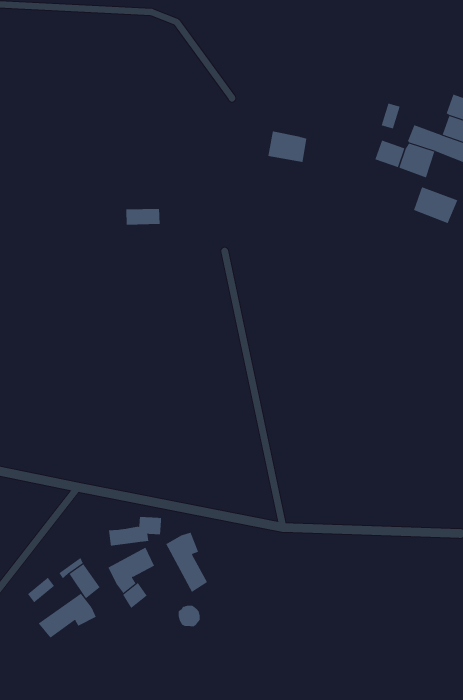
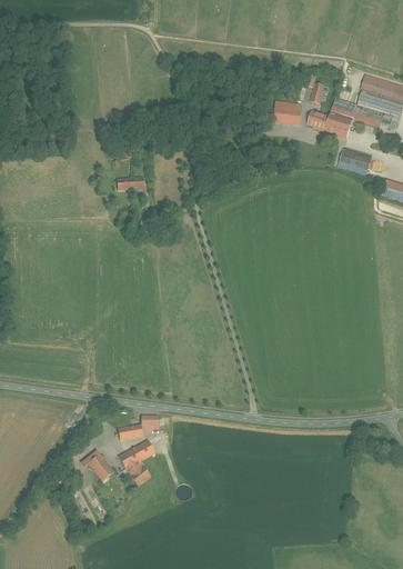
building: [268,131,307,163] -> [273,103,303,127]
building: [165,532,208,593] -> none
building: [38,593,96,638] -> none

